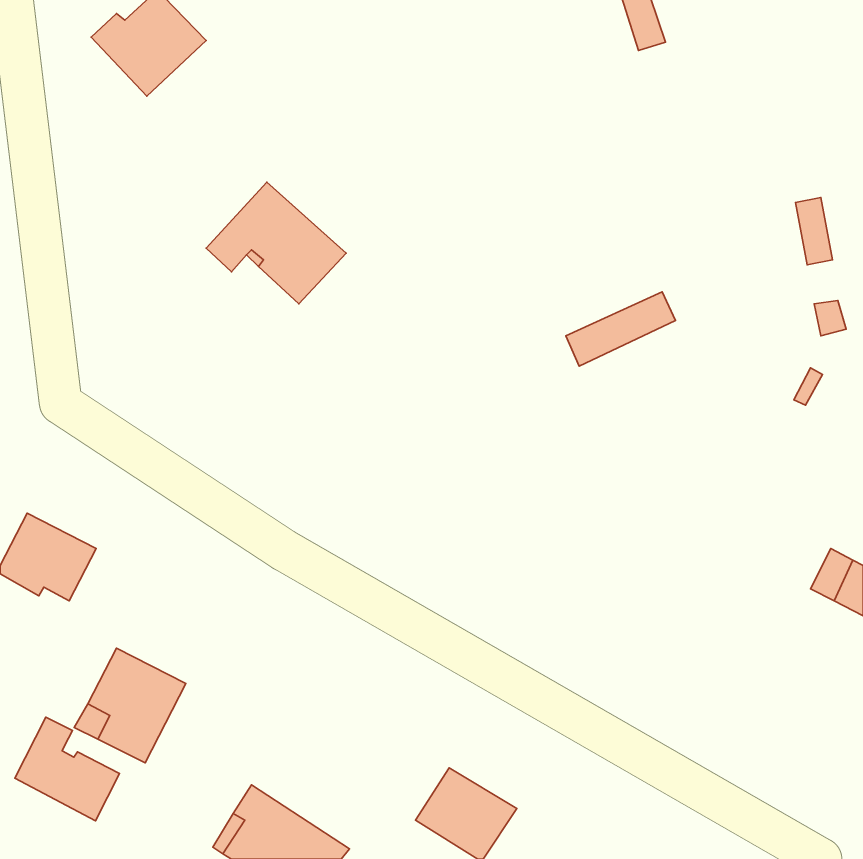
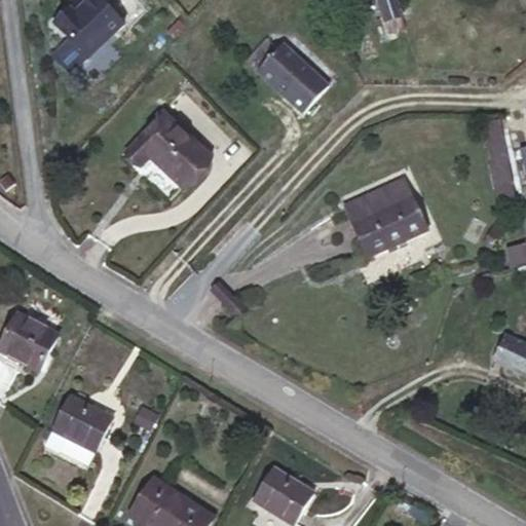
building: none -> [255,42,327,112]
building: none -> [352,195,426,256]
building: [15,717,119,821] -> none

